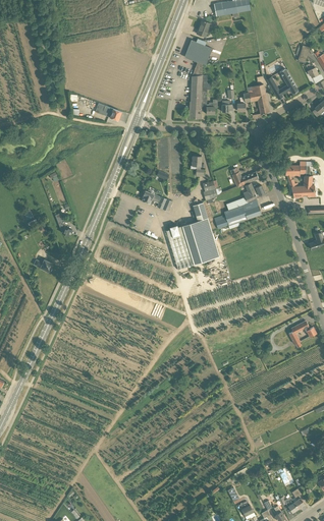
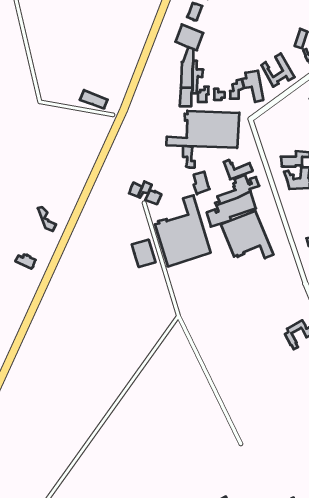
building: none -> [167,111,239,148]
building: none -> [221,211,273,258]
building: none -> [132,240,155,267]

